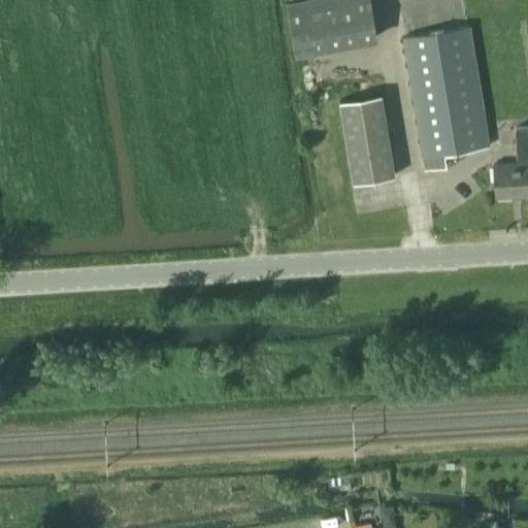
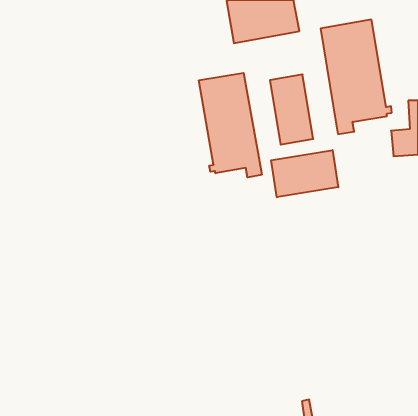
building: none -> [199,73,262,177]
building: none -> [271,150,338,197]

